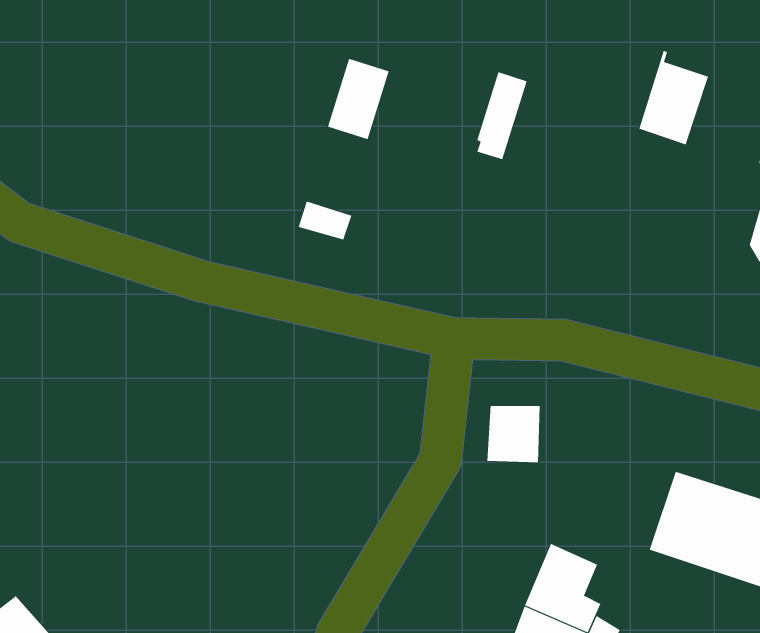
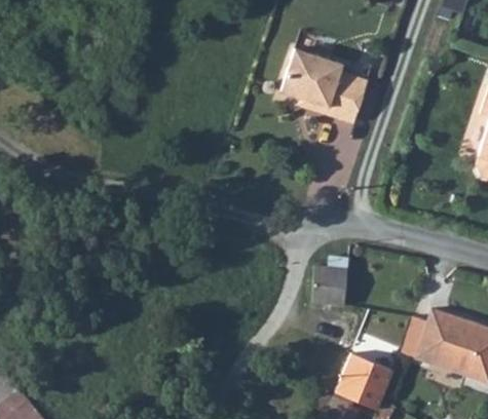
building: [638,50,709,145] -> [323,64,367,123]
building: [327,58,389,140] -> [280,49,320,101]

